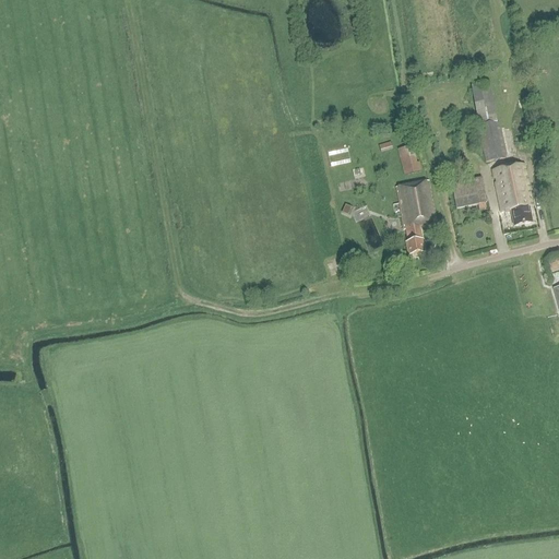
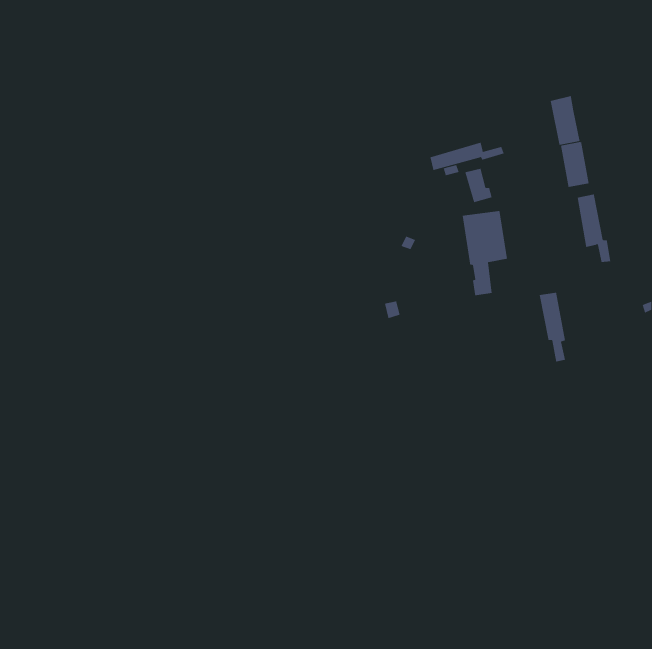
building: none -> [430,142,505,171]
building: [509,164,532,224] -> [539,292,566,362]
building: [452,177,487,209] -> none

